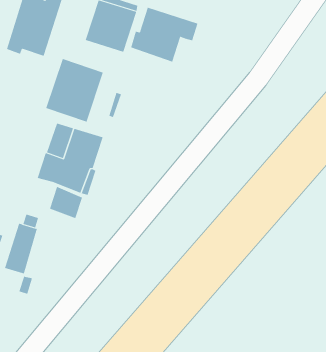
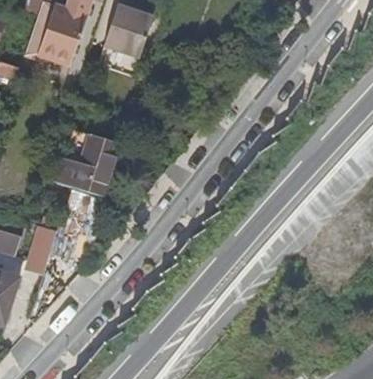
building: [130,7,198,62] -> none
building: [46,58,103,123] -> none

